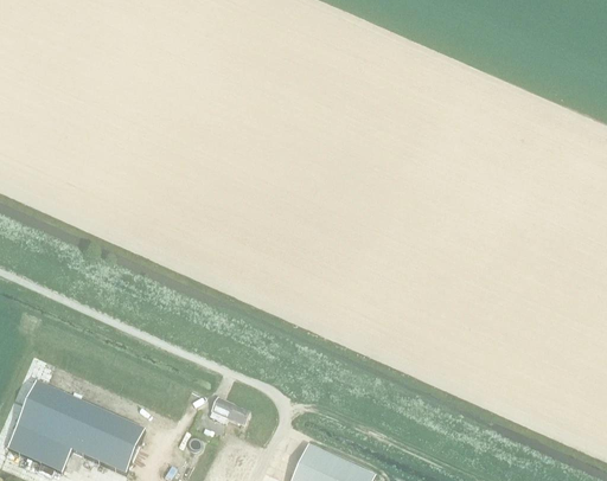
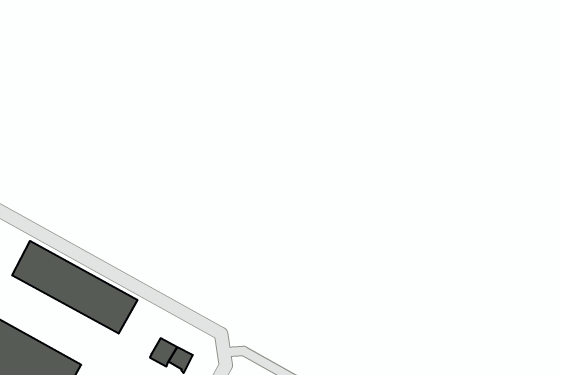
building: none -> [12,241,137,334]

